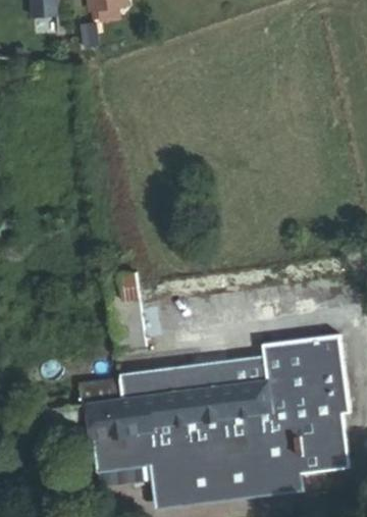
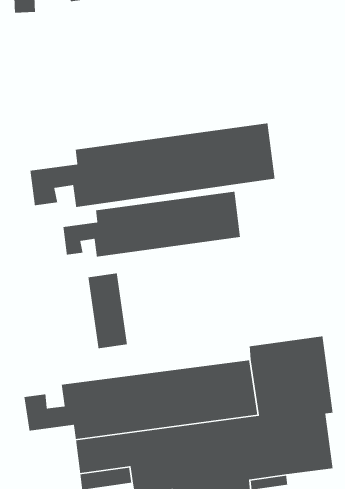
building: none -> [30,122,275,208]
building: none -> [63,191,241,258]

